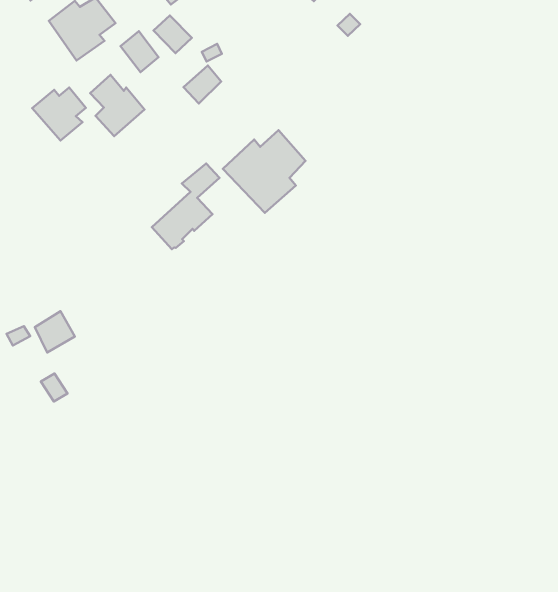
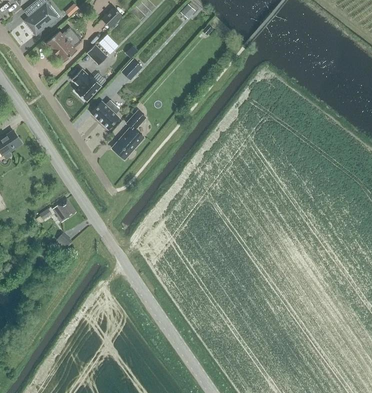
building: [32,88,86,141] -> [90,99,119,128]
building: [223,130,305,213] -> none

